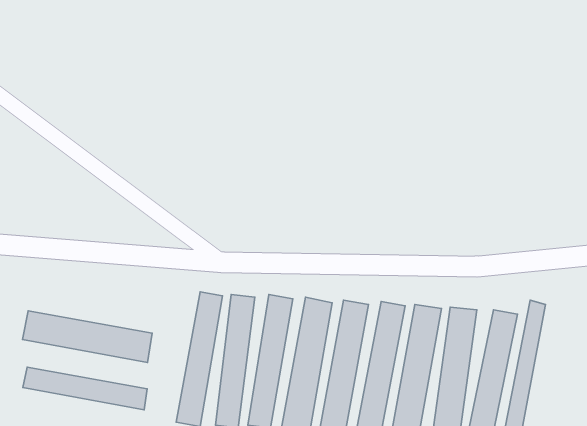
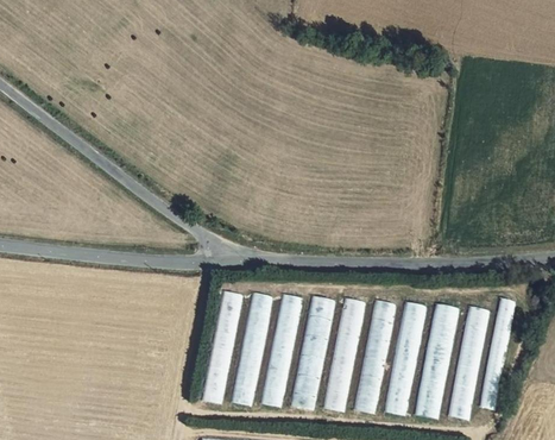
building: [22,311,152,362] -> none
building: [23,367,147,410] -> none

